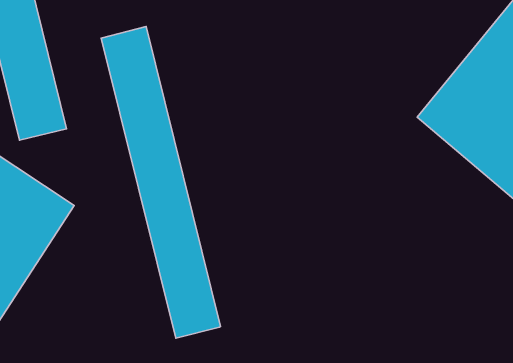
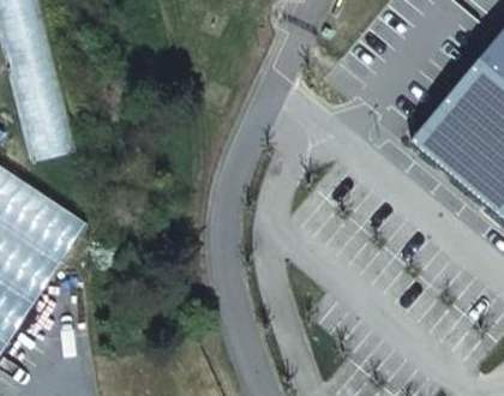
building: [101,27,221,338] -> none

